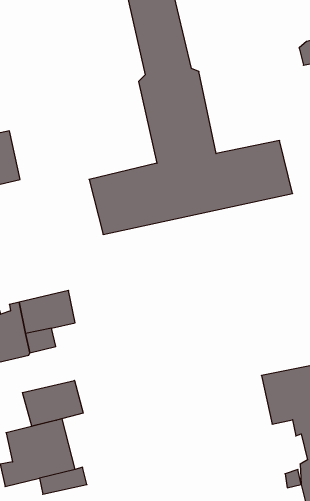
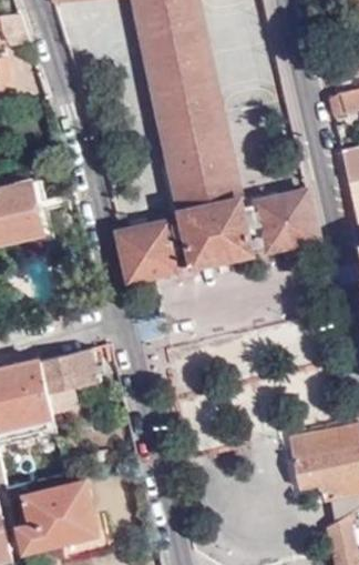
building: [22,380,83,426] -> none

